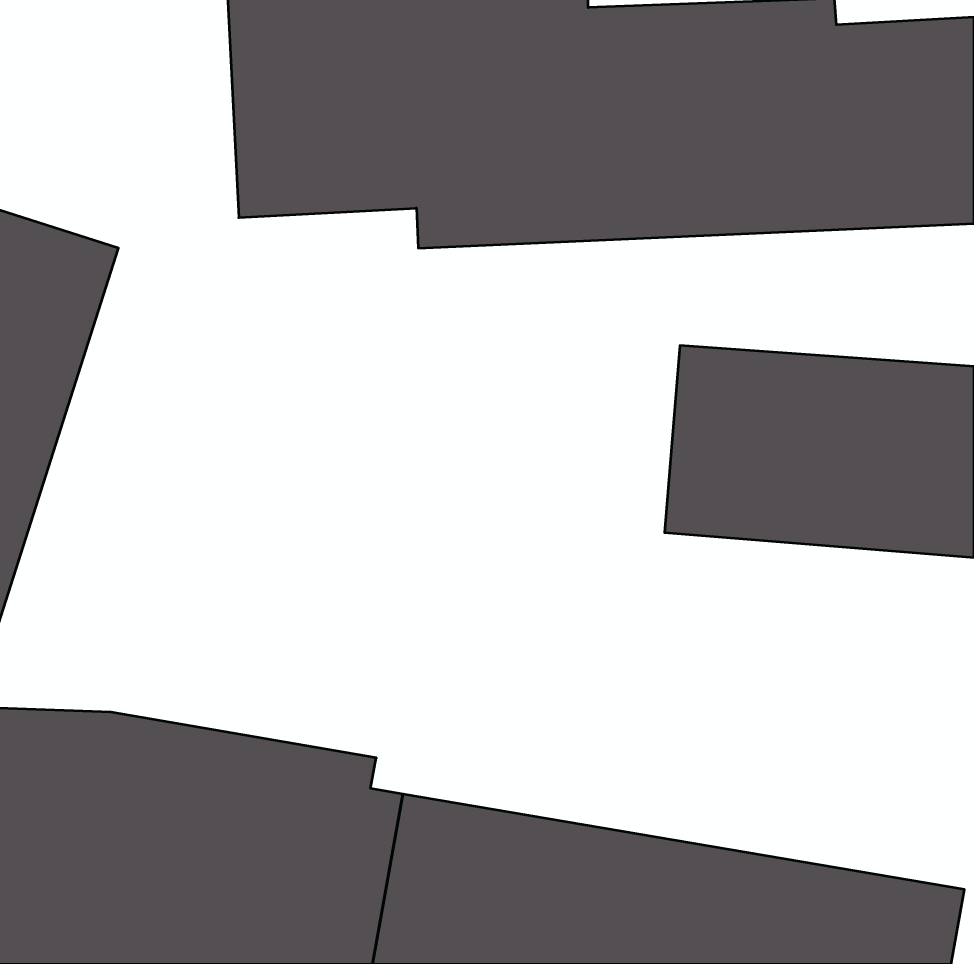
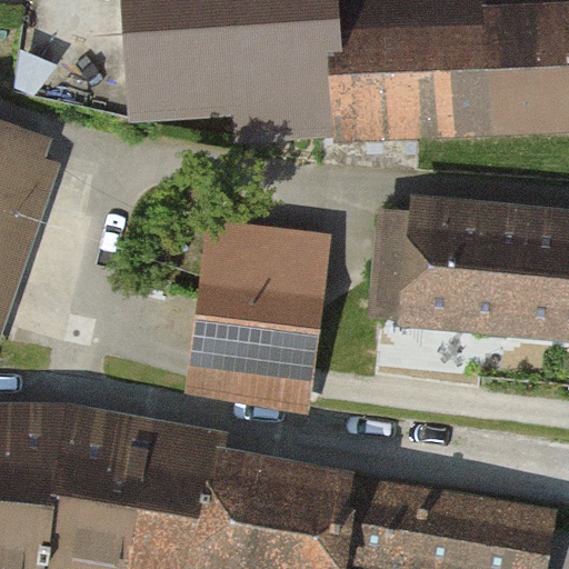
building: none -> [193,218,327,390]

